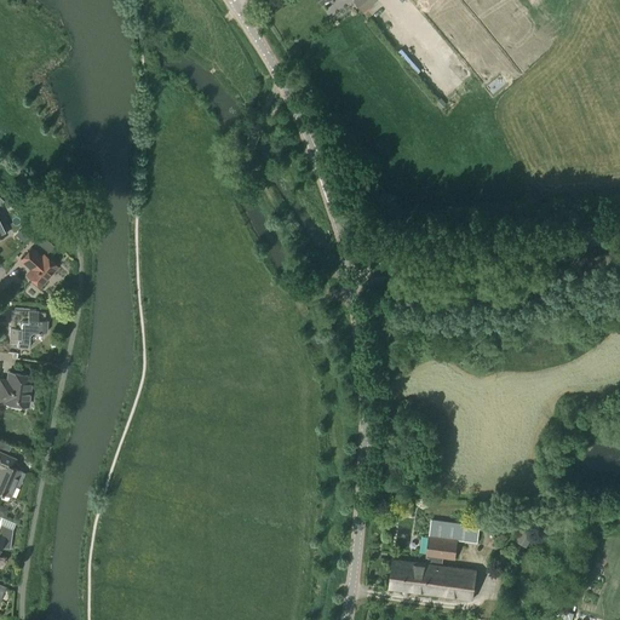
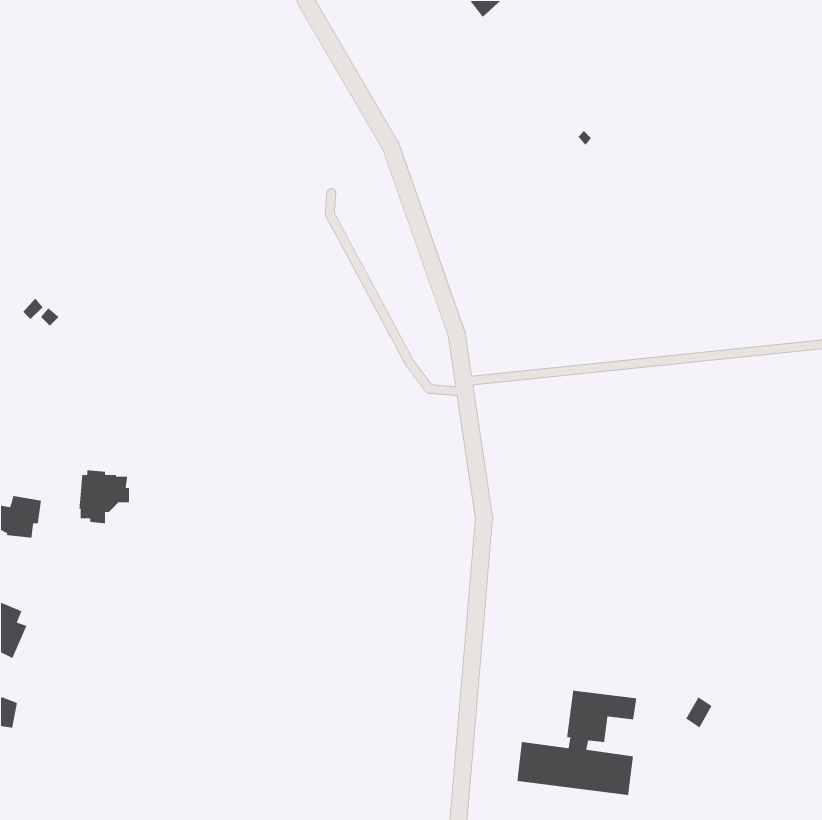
building: [21,249,57,288] -> none
building: [8,309,47,350] -> [78,469,130,524]

